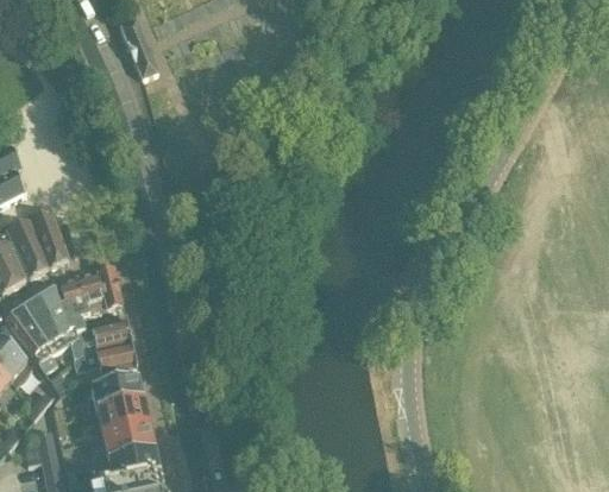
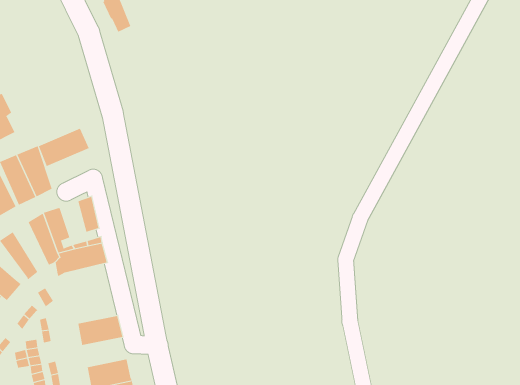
building: none -> [38,128,89,167]
building: [75,272,105,314] -> none
building: [21,296,62,353] -> none
building: [71,342,136,377] -> none
building: [89,376,142,412] -> none
building: [100,428,152,462] -> none

